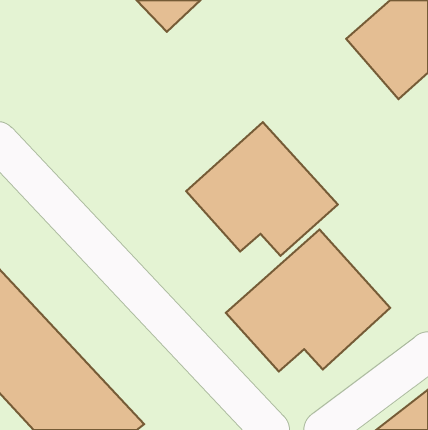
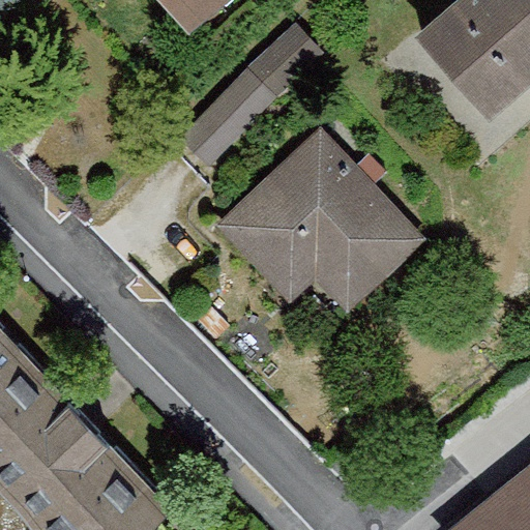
building: none -> [180,16,321,159]
building: [226,229,390,371] -> none

